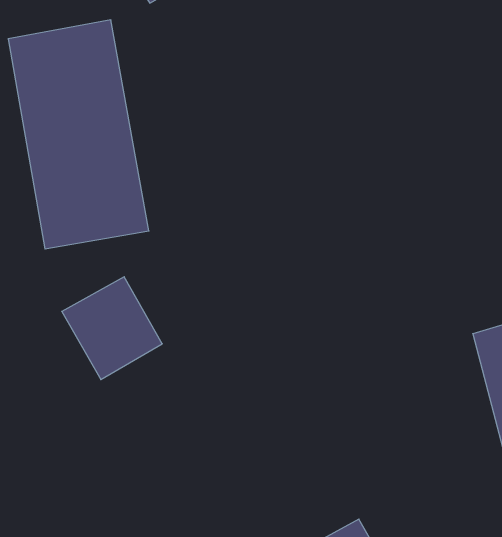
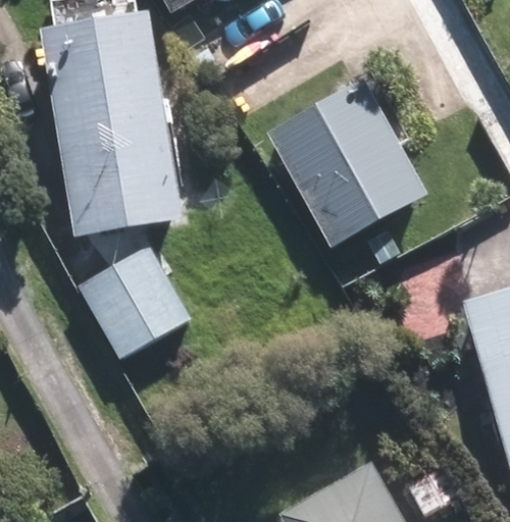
building: none -> [276,90,413,236]

